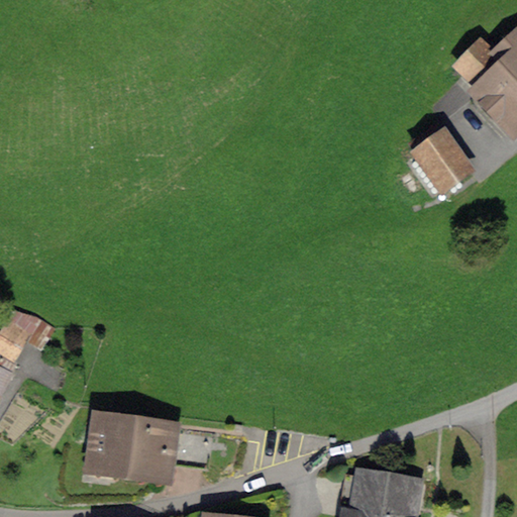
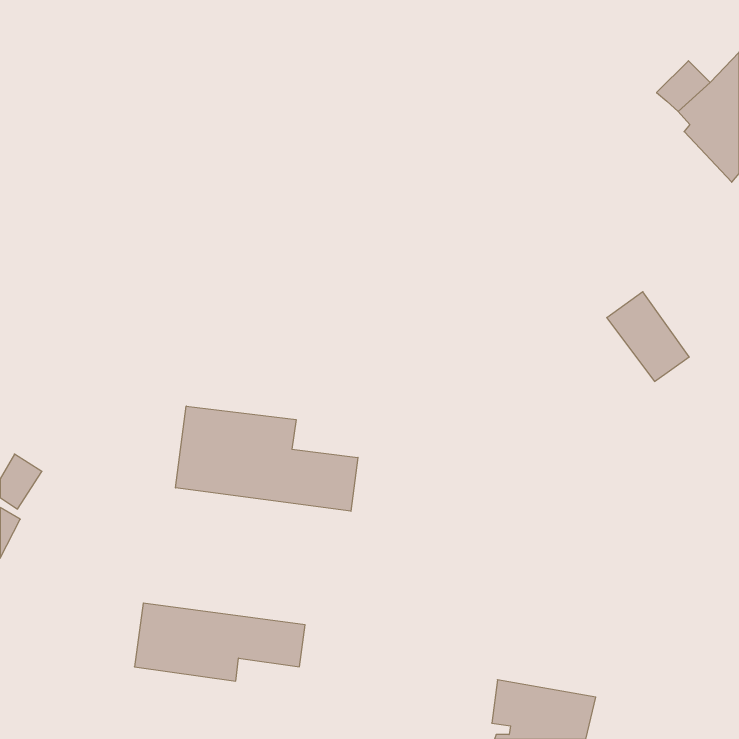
building: [411,125,469,188] -> [607,292,689,381]
building: none -> [176,406,358,511]

